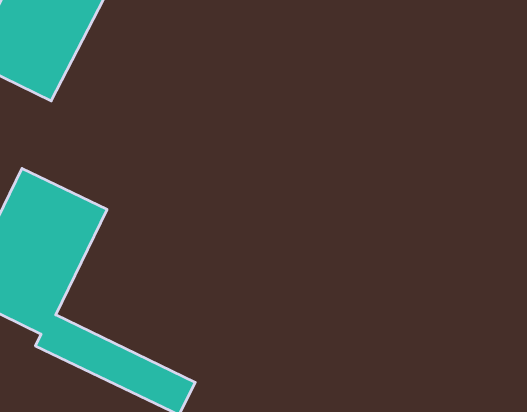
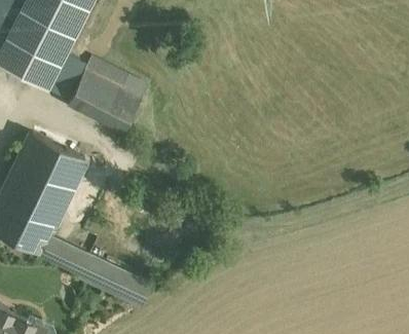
building: none -> [69,55,148,129]

